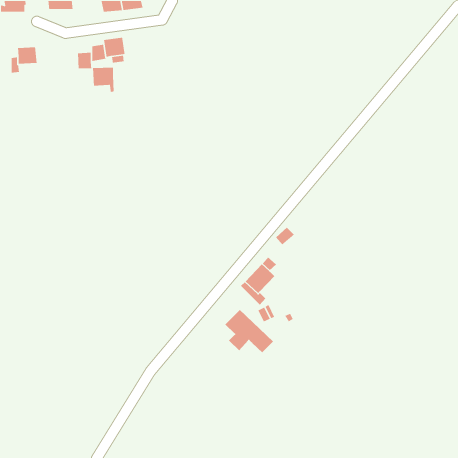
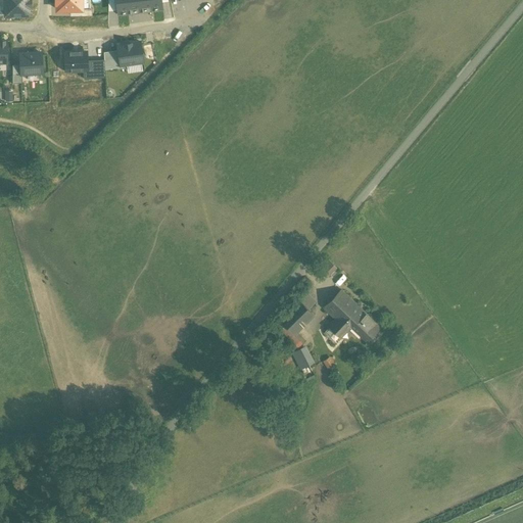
building: [92,67,115,93] -> [63,50,89,80]
building: [225,309,274,353] -> [324,290,380,340]

